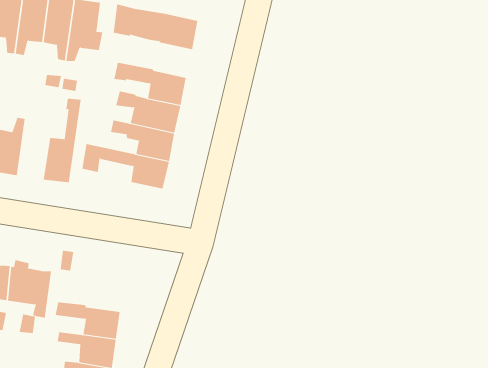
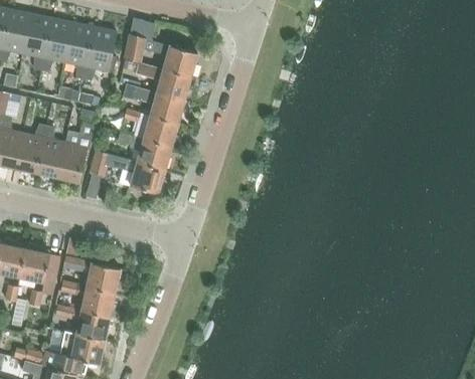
building: none -> [137,61,191,101]
building: none -> [36,126,65,178]
building: none -> [63,256,120,294]

